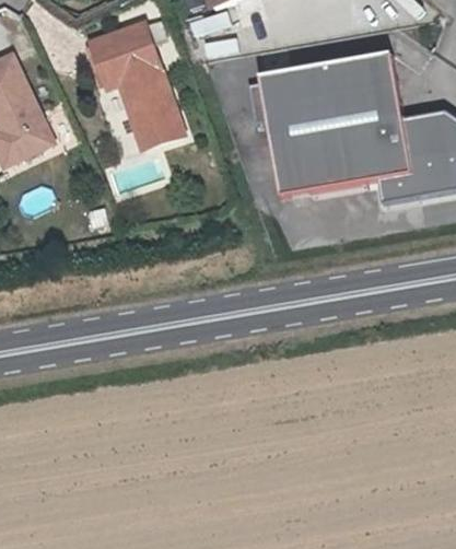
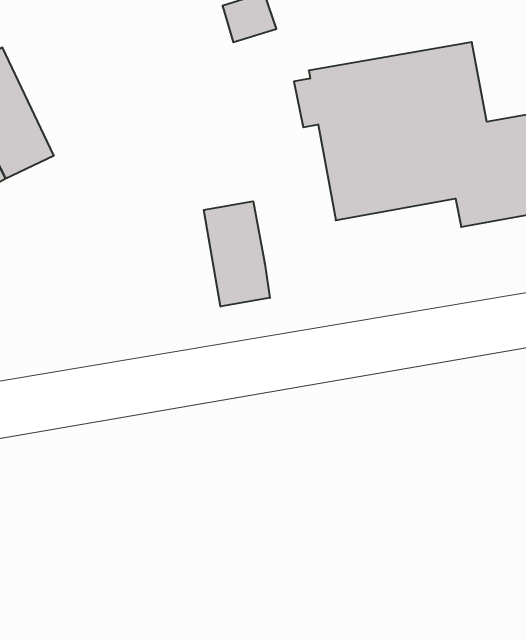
building: [90,23,184,149] -> none
building: none -> [204,201,270,307]

